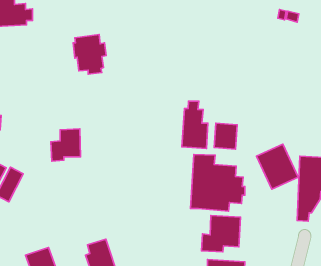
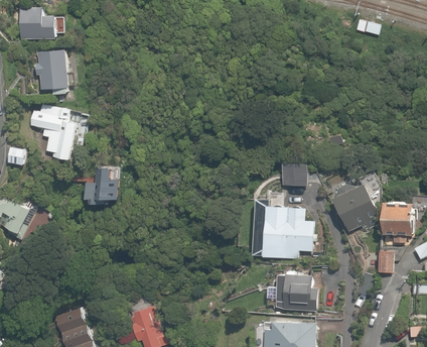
building: [73,34,106,74] -> [33,47,73,95]
building: none -> [29,111,75,163]
building: [182,101,208,149] -> none

